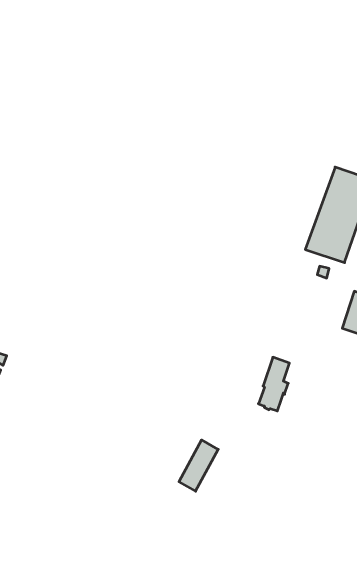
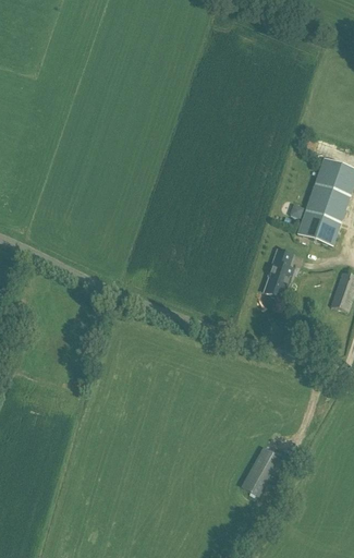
building: [258,357,289,411] -> [265,248,293,298]
building: [179,440,218,491] -> [243,448,279,495]

